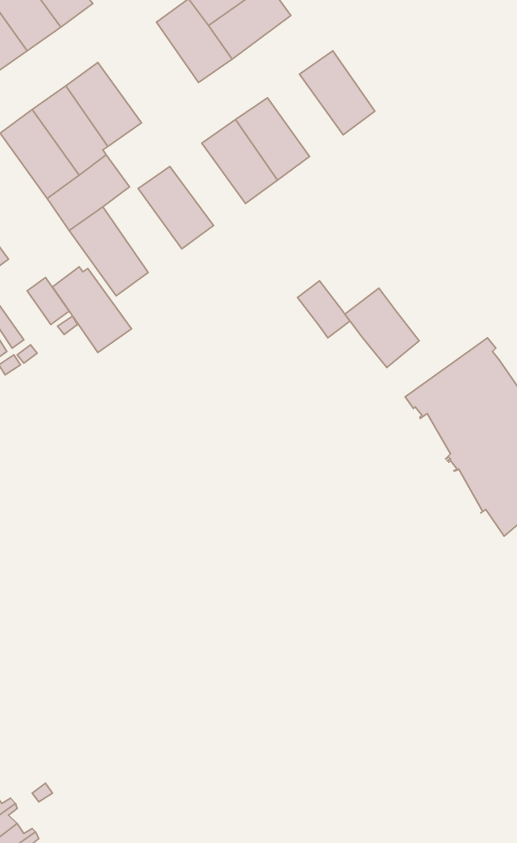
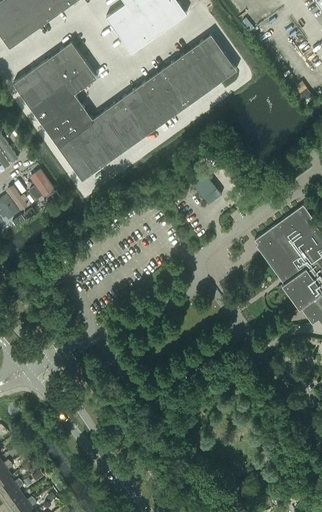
building: none -> [172,49,217,98]
building: none -> [114,90,159,139]
building: [52,267,131,352] -> [74,116,121,167]
building: [345,288,419,367] -> none

